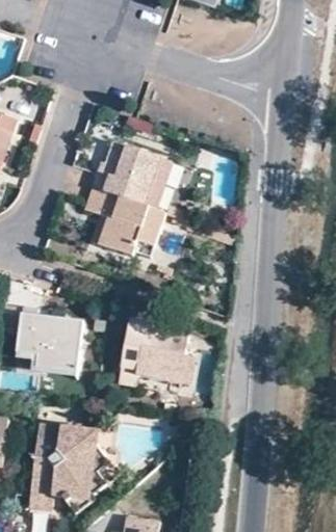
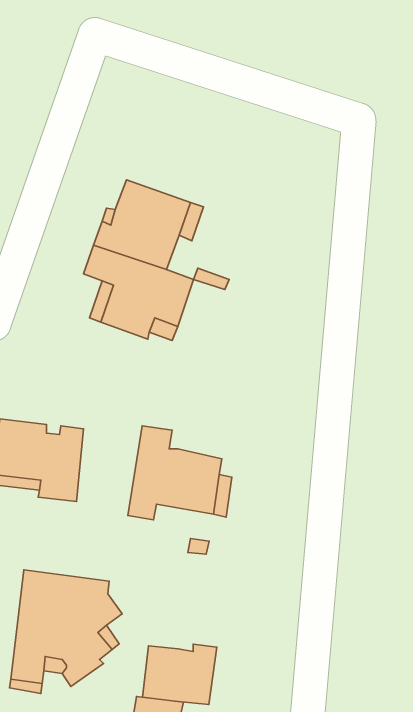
building: none -> [142,644,217,705]

